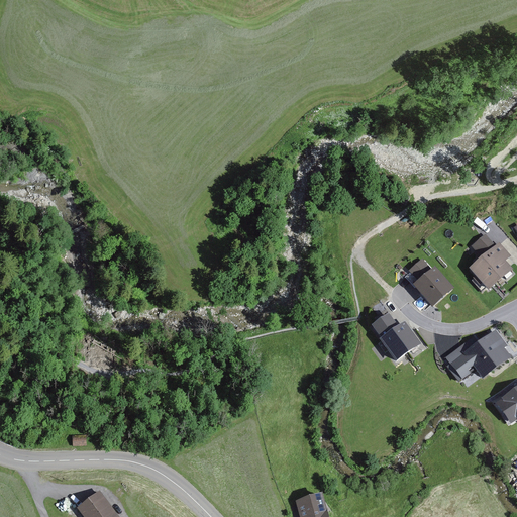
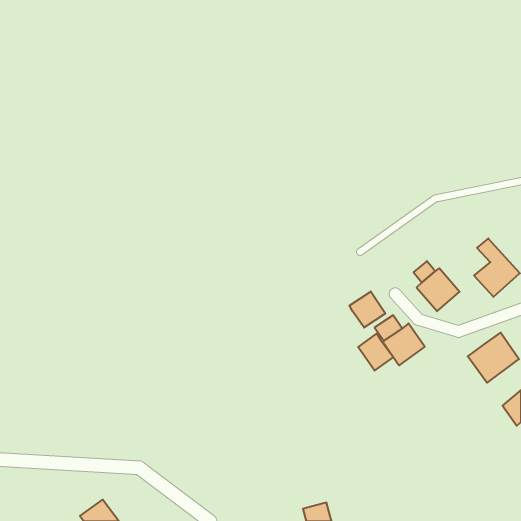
building: none -> [349,291,385,328]
building: none -> [358,334,393,371]
building: [443,335,477,380] -> none

